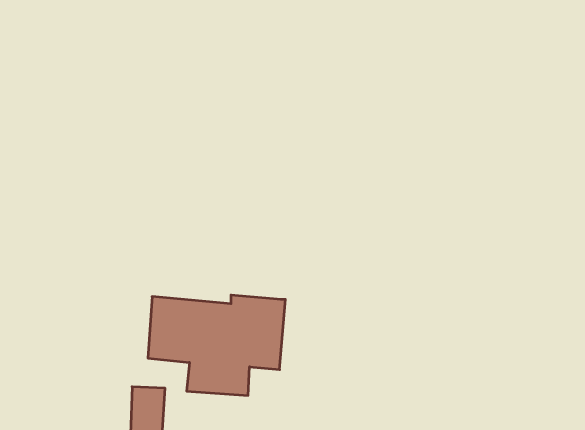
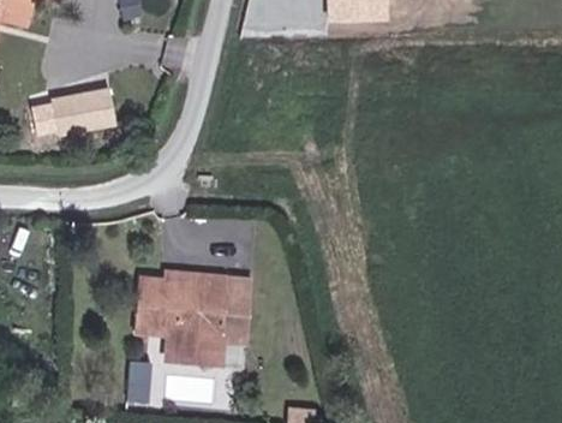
building: none -> [24,88,110,138]

